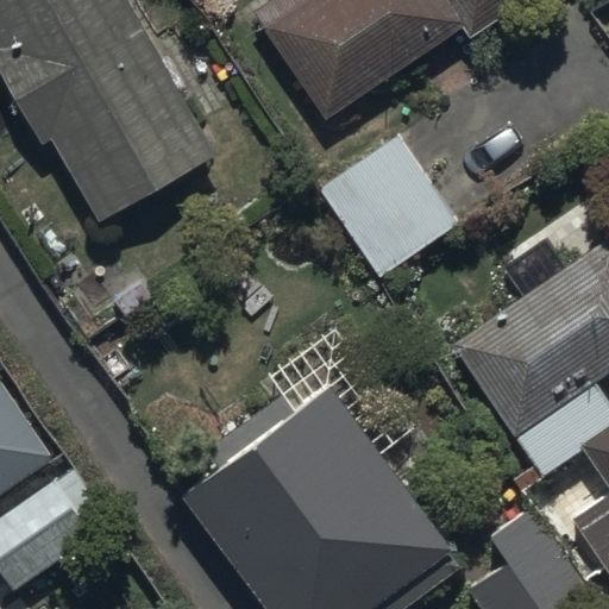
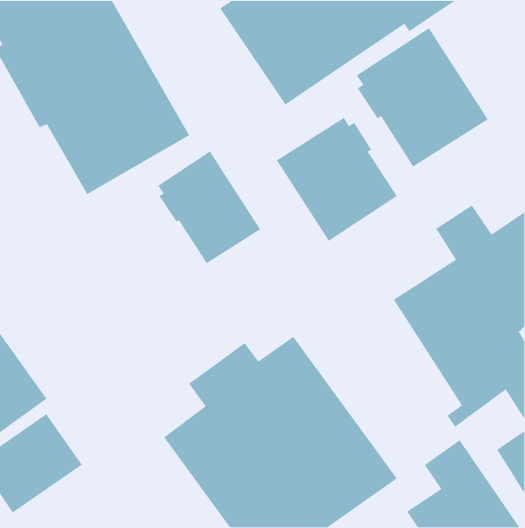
building: none -> [356,27,489,168]
building: none -> [157,151,261,264]

